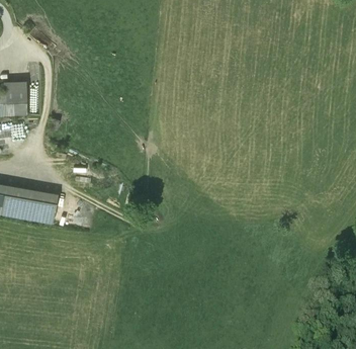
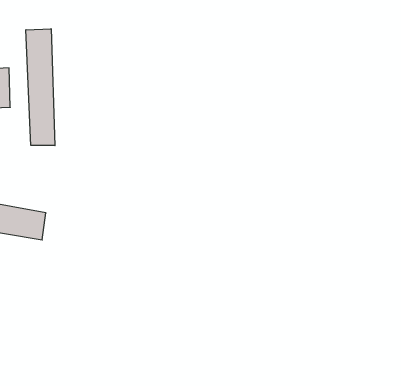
building: none -> [26,29,55,146]

